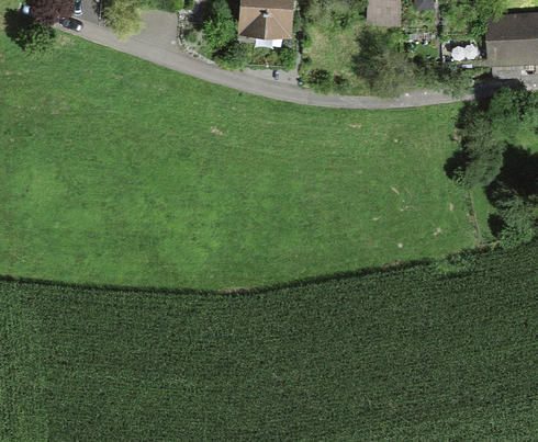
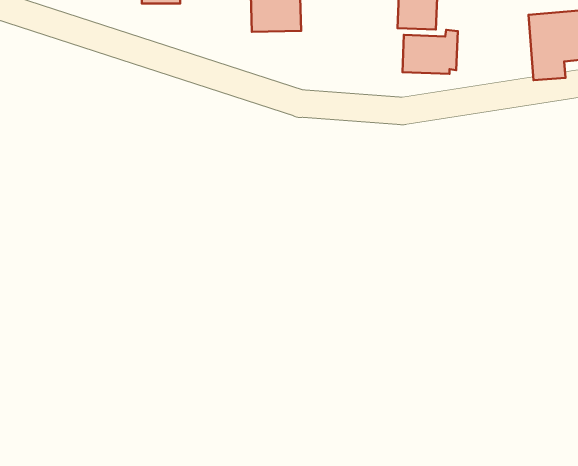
building: none -> [402,30,458,74]

